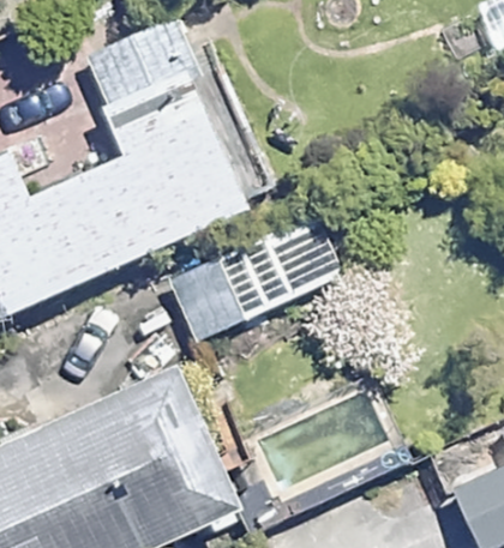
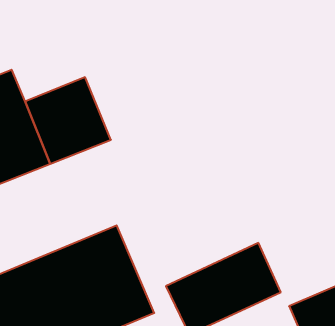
building: [104,65,245,243] -> none
building: [187,217,346,373] -> none

